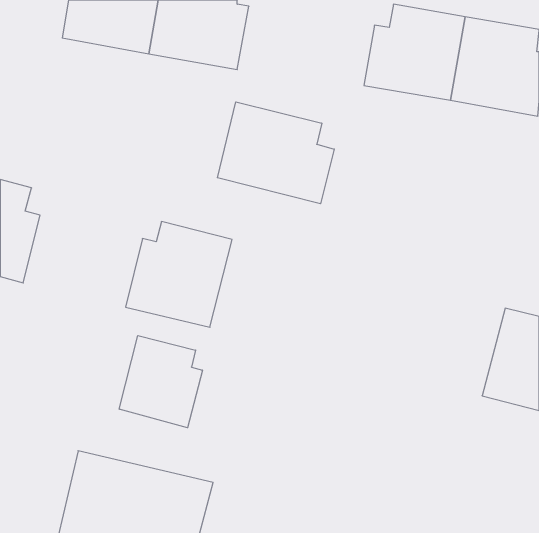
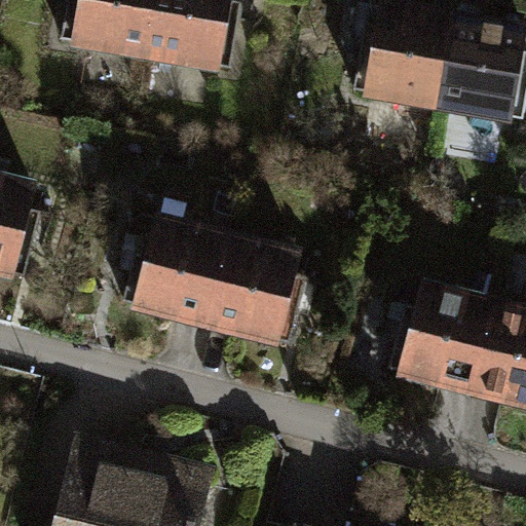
building: [217,102,334,204] -> none
building: none -> [204,239,303,345]
building: none -> [389,288,492,391]
building: [119,336,202,428] -> none

